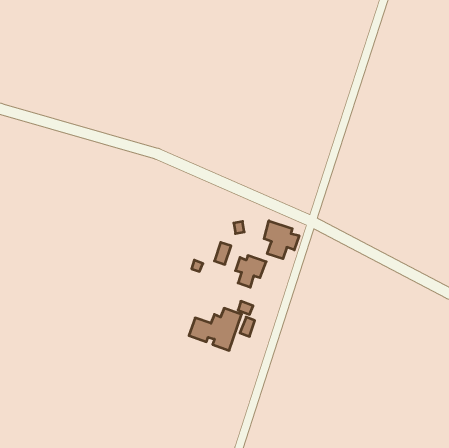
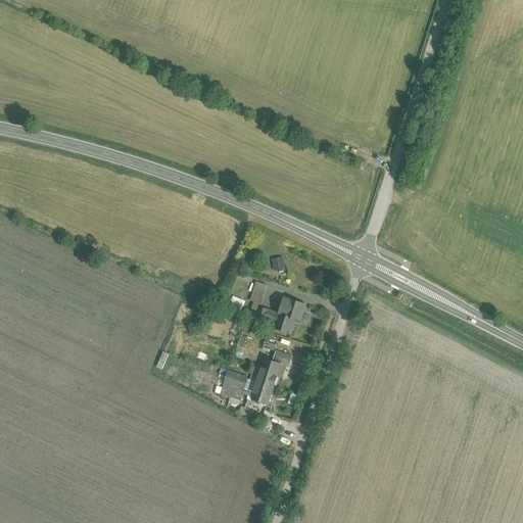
building: [264,221,299,259] -> none

